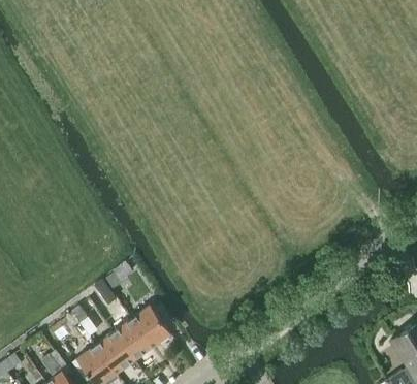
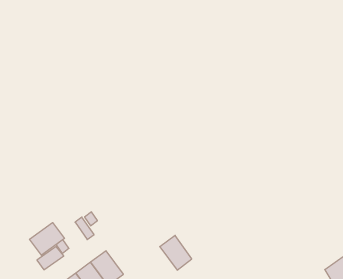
building: none -> [30,223,64,255]
building: [132,305,170,346] -> [160,235,192,270]

